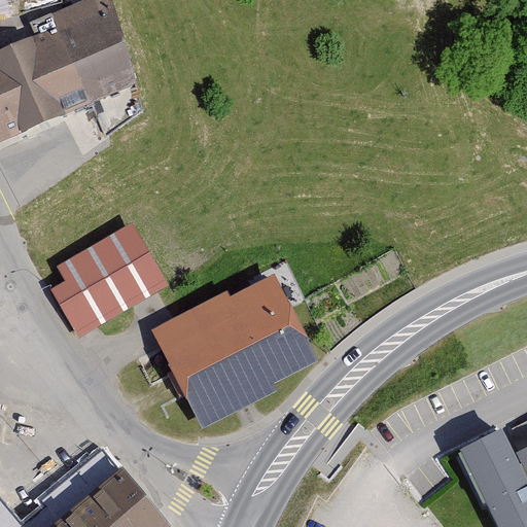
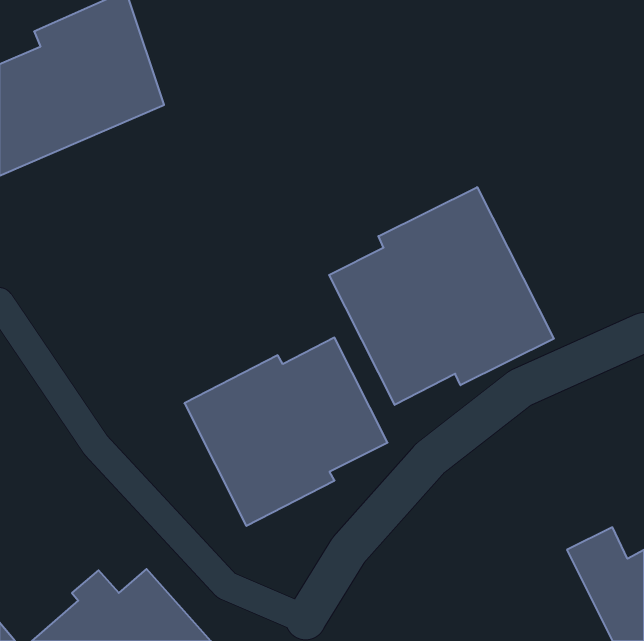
building: none -> [329,187,554,405]
building: [49,221,167,337] -> none

